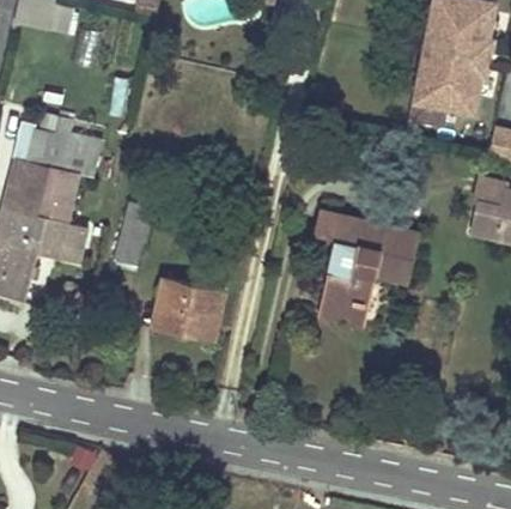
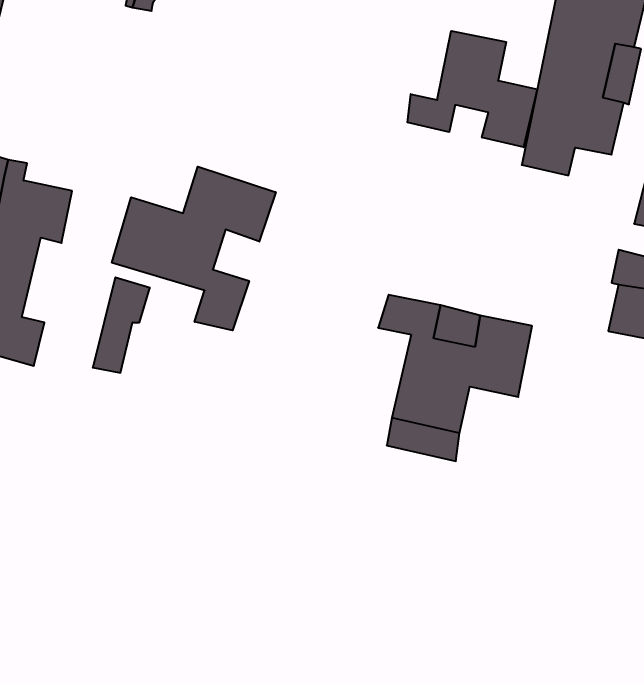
building: none -> [407,31,537,147]
building: none -> [112,167,276,330]
building: [152,278,221,339] -> none

